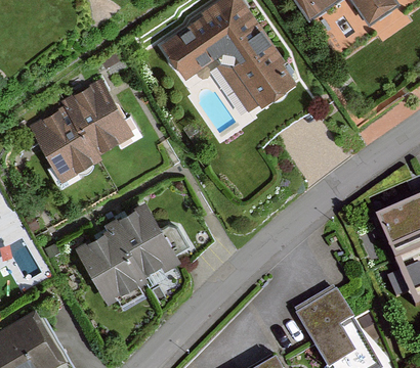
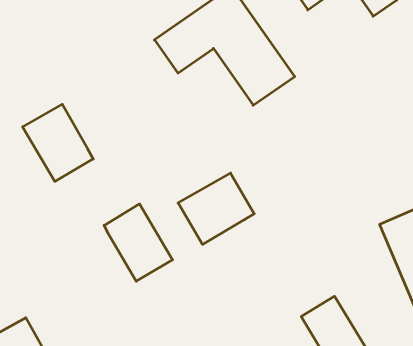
building: [68,80,131,149] -> none
building: none -> [178,173,254,244]
building: [79,228,145,300] -> none

